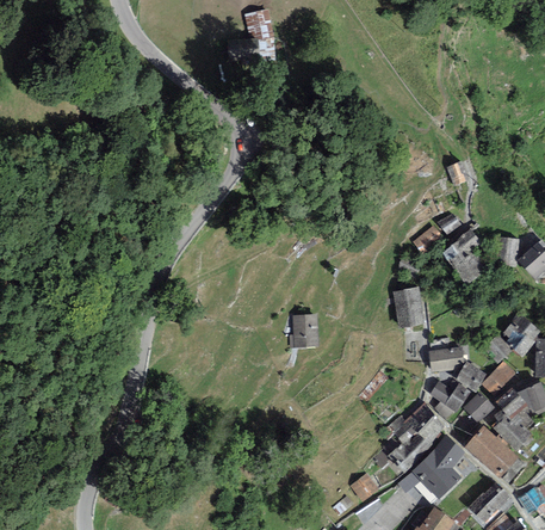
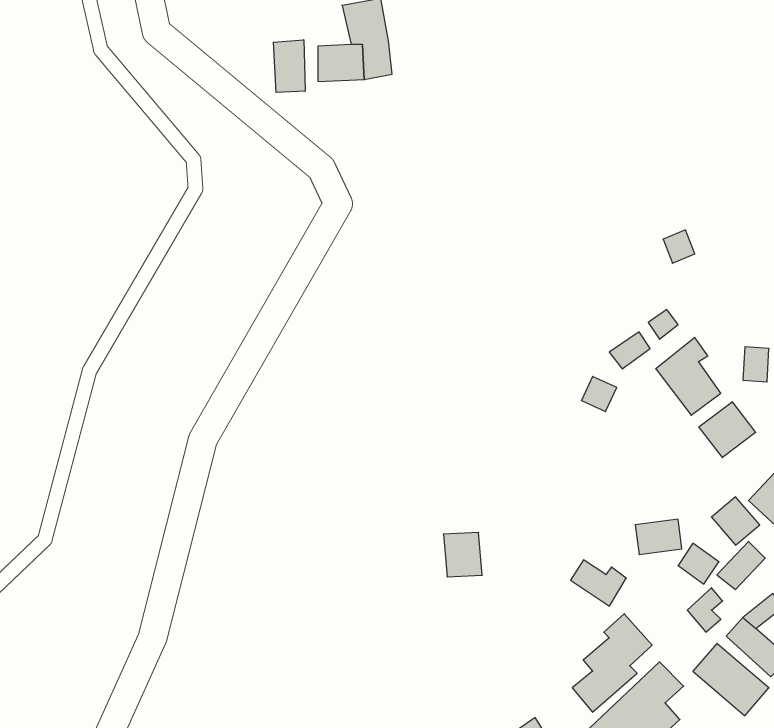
building: none -> [274,40,305,92]
building: none -> [699,402,756,458]
building: [395,288,421,323] -> none
building: [291,316,316,345] -> [443,532,482,577]
building: [431,381,466,411] -> [571,560,626,606]

